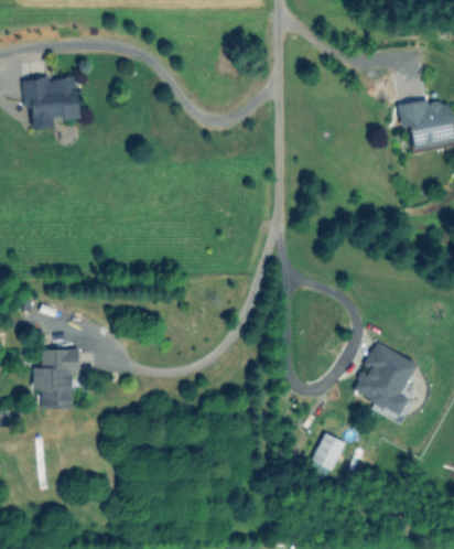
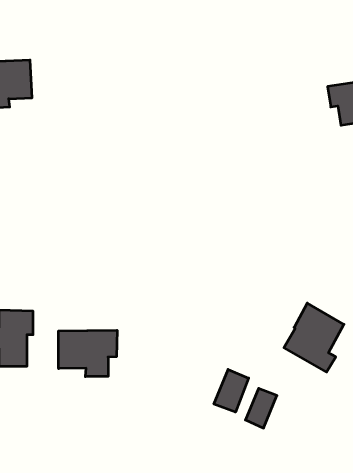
building: none -> [59,330,117,377]
building: none -> [214,369,249,412]

